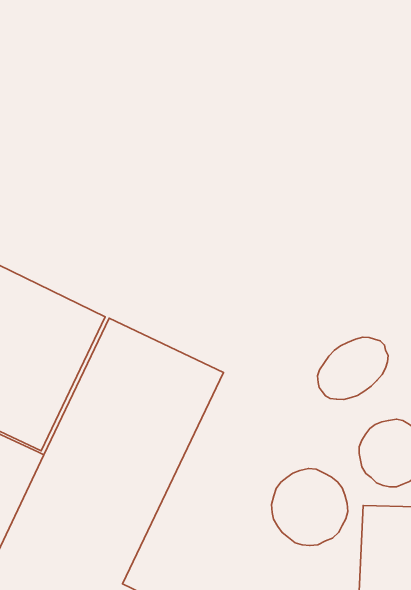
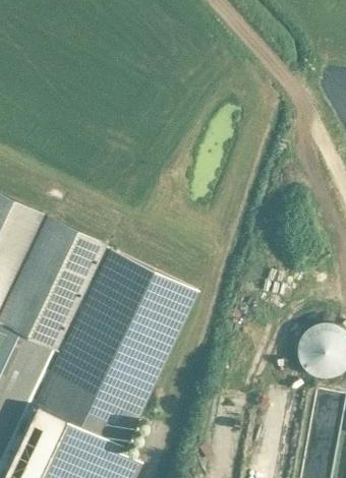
building: [317,337,388,400] -> none
building: [271,468,348,546] -> none

